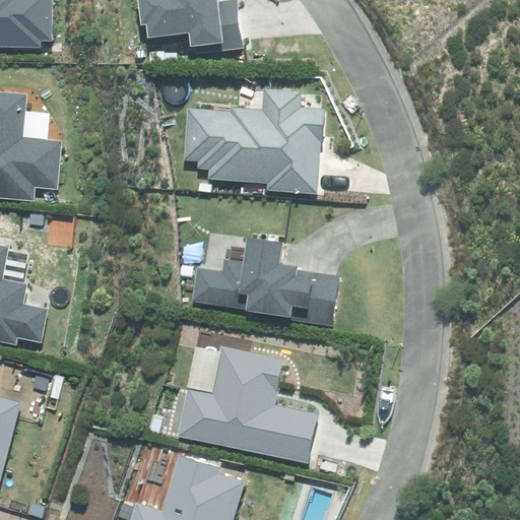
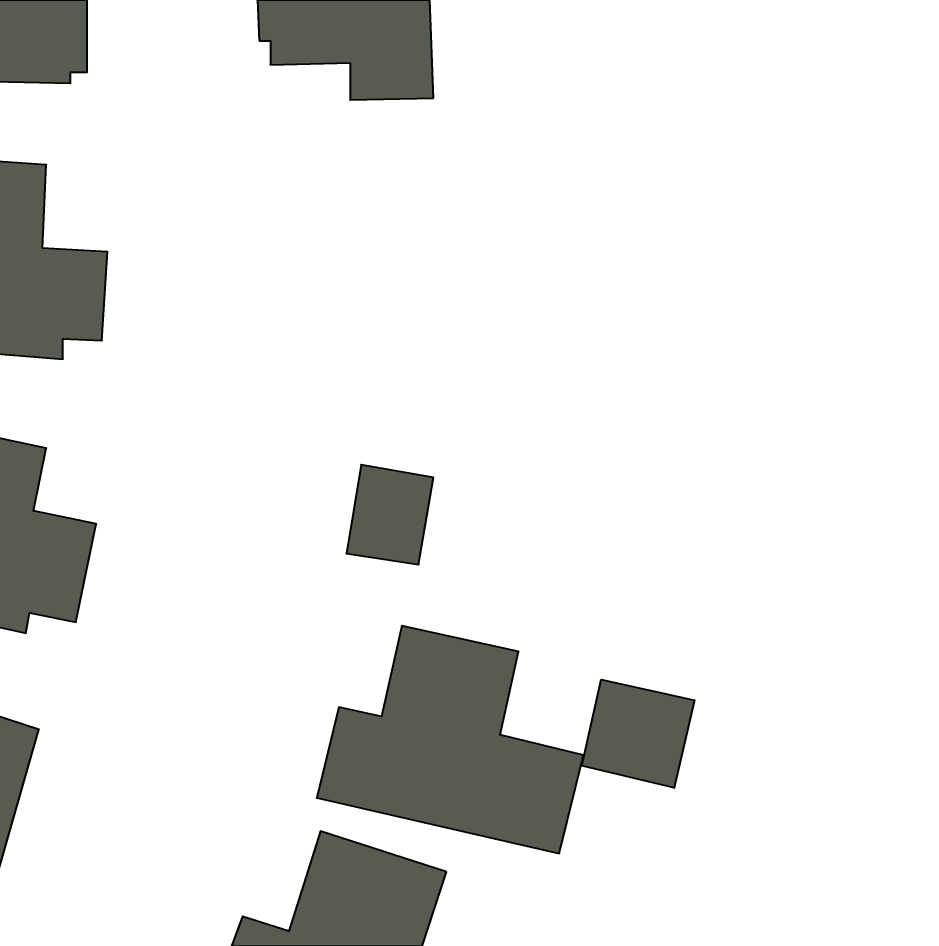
building: [180,89,327,192] -> none
building: [241,236,342,327] -> none
building: none -> [582,680,694,788]

